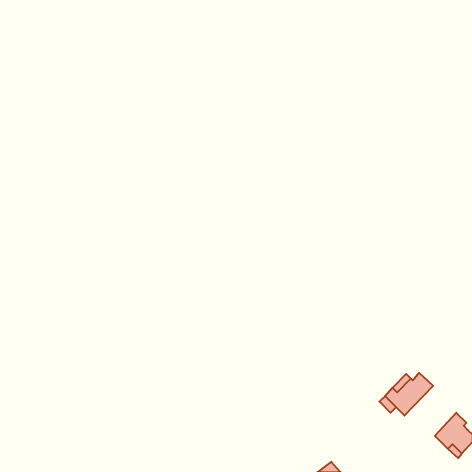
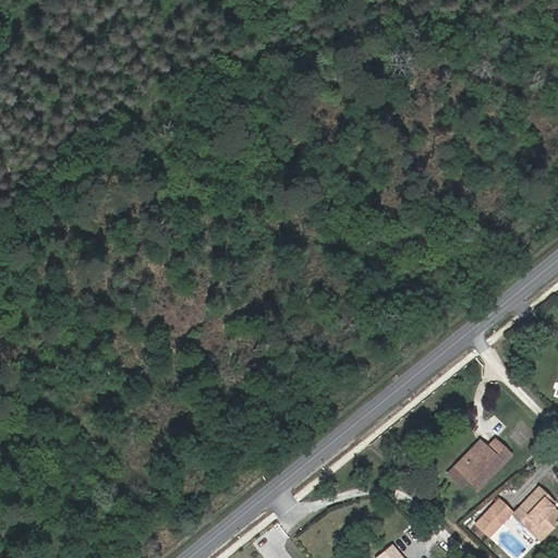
building: none -> [475,499,512,536]

